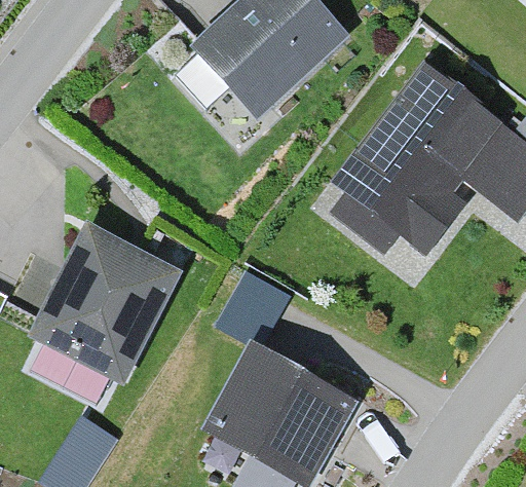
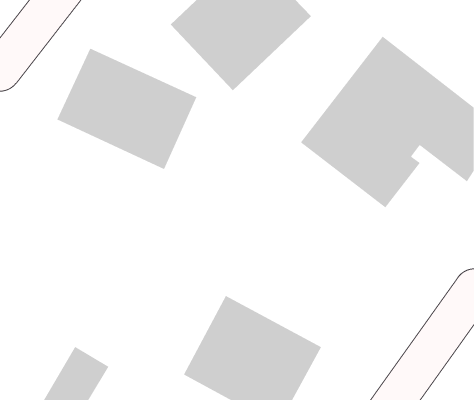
building: none -> [56,48,198,170]
building: [28,223,182,383] -> none

